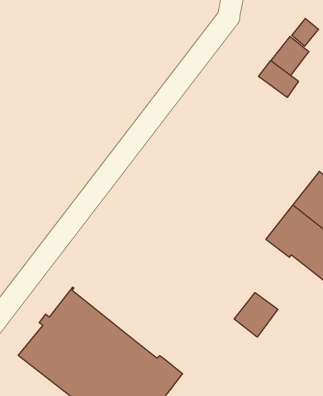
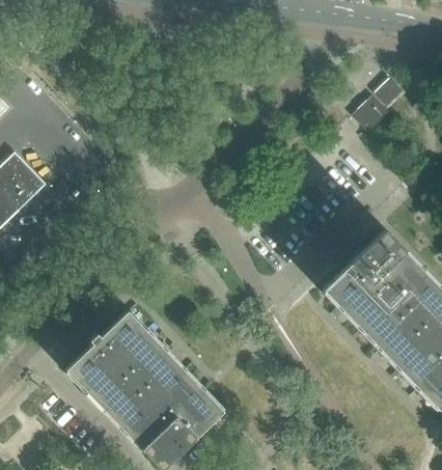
building: [259,60,298,97] -> none
building: [234,293,278,337] -> none

